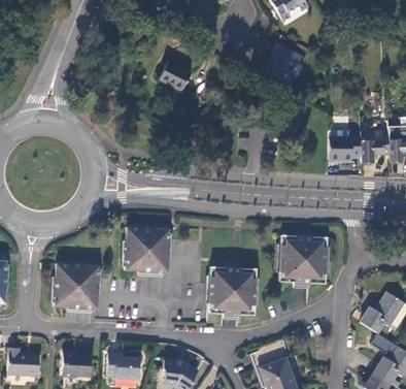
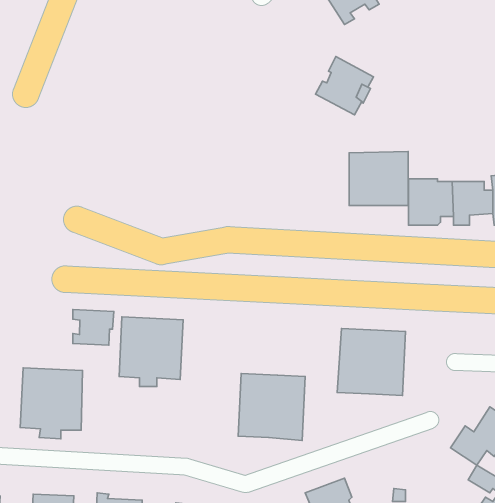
building: [159,60,191,90] -> none
building: none -> [349,152,408,206]
building: none -> [73,309,114,345]

